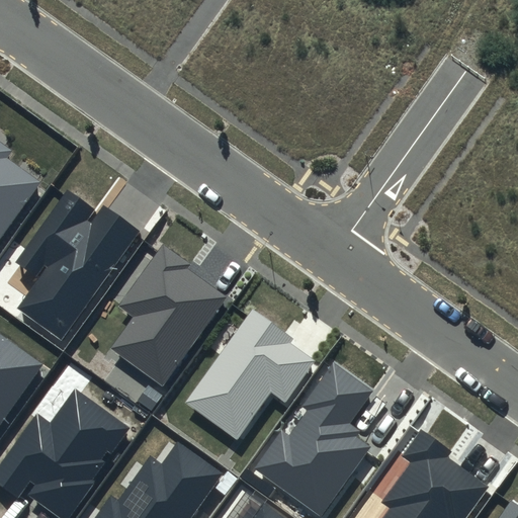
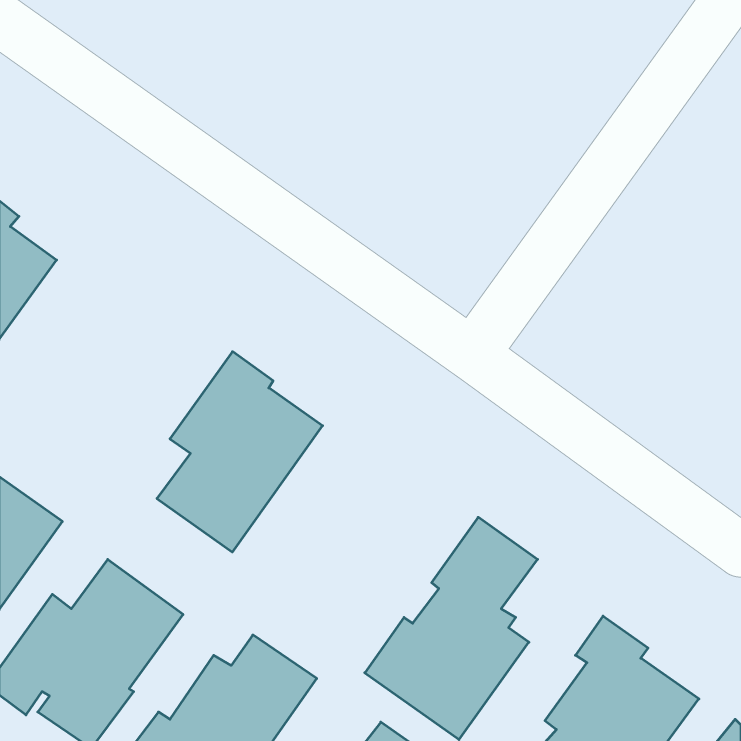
building: [13,191,140,343] -> none
building: [187,311,313,438] -> none

